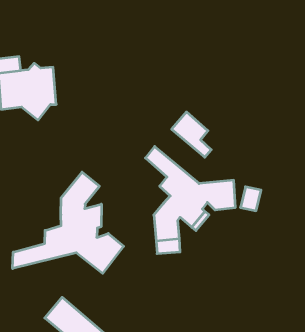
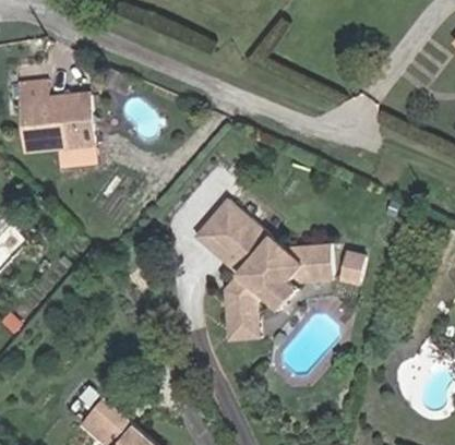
building: [172,112,211,157] -> [194,214,247,274]
building: [13,172,124,273] -> none

